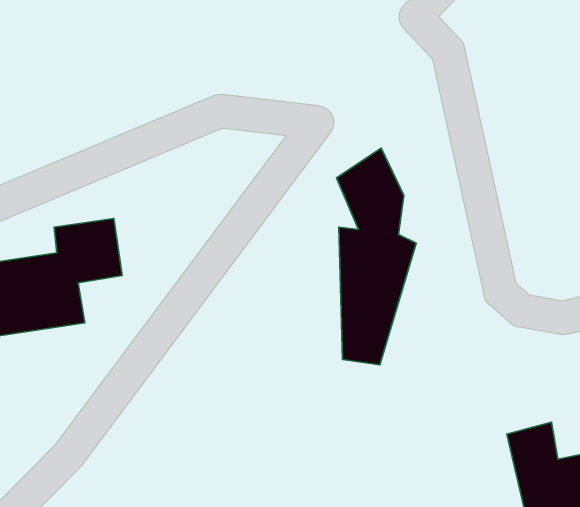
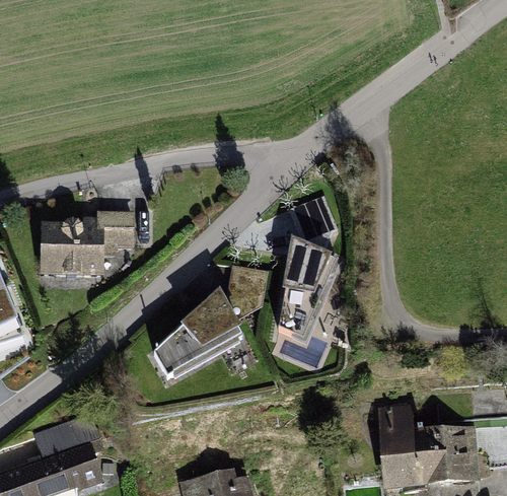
building: none -> [154,261,267,383]

